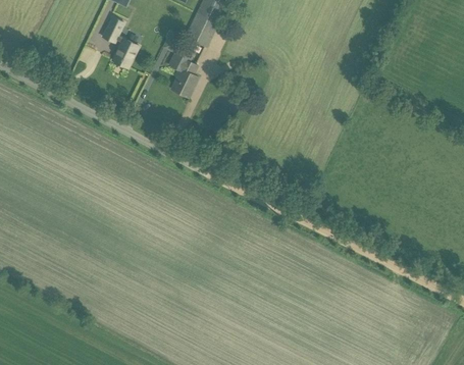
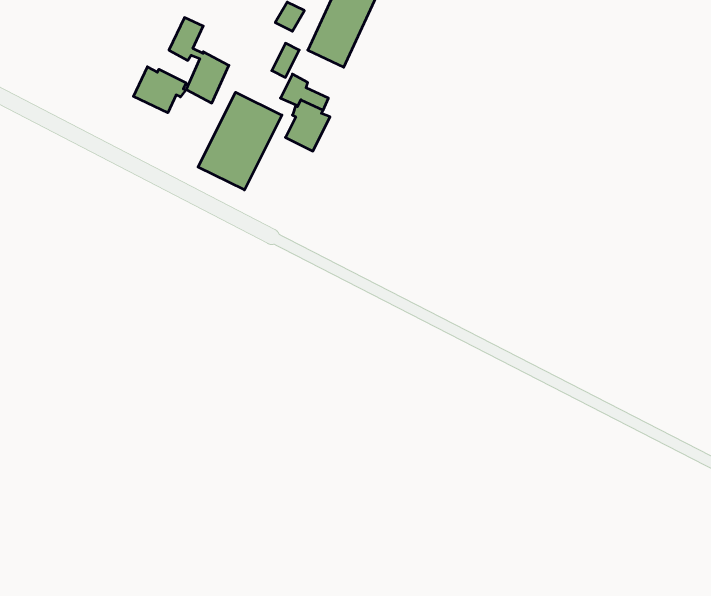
building: none -> [133,67,186,113]
building: none -> [198,92,282,190]

